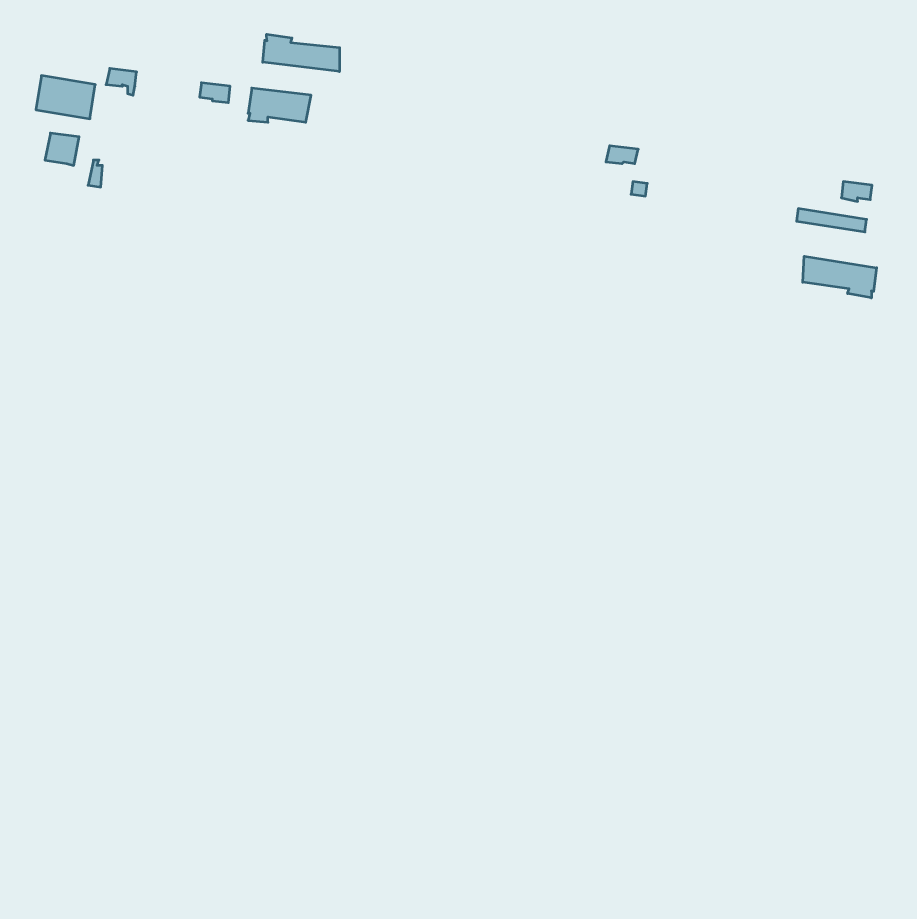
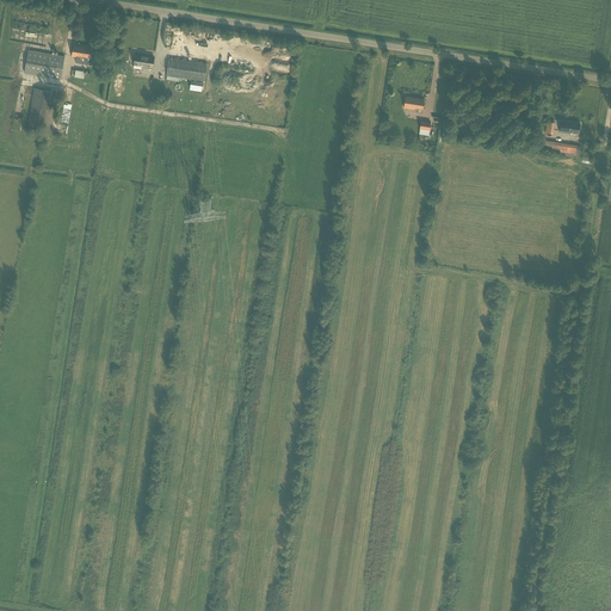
building: [263,34,340,72] -> none
building: [803,256,877,298] -> none

